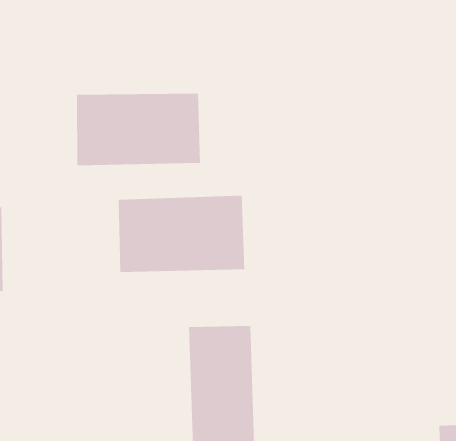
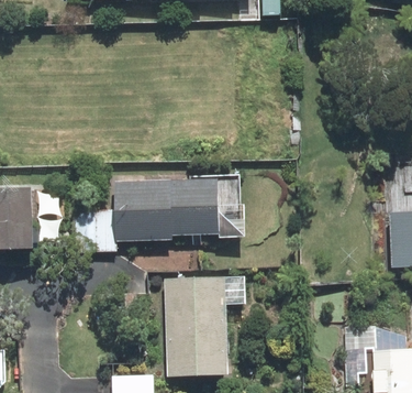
building: [76,93,200,166] -> none

